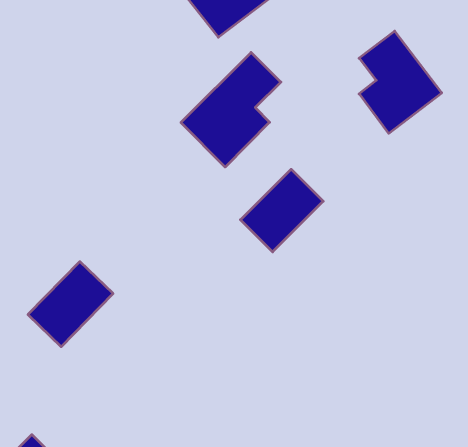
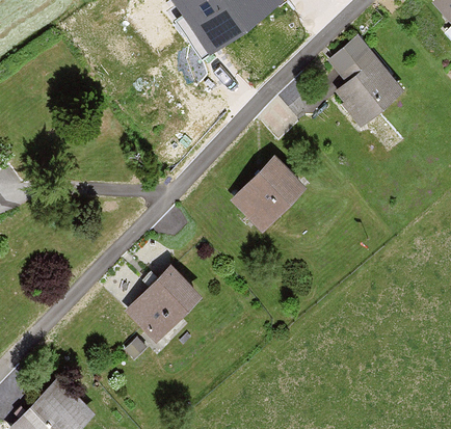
building: [181,52,281,167] -> none
building: [28,262,113,347] -> [126,268,197,340]

